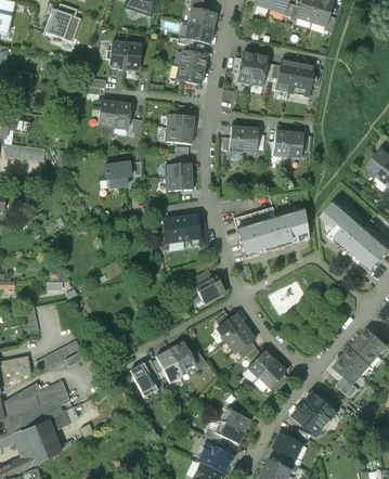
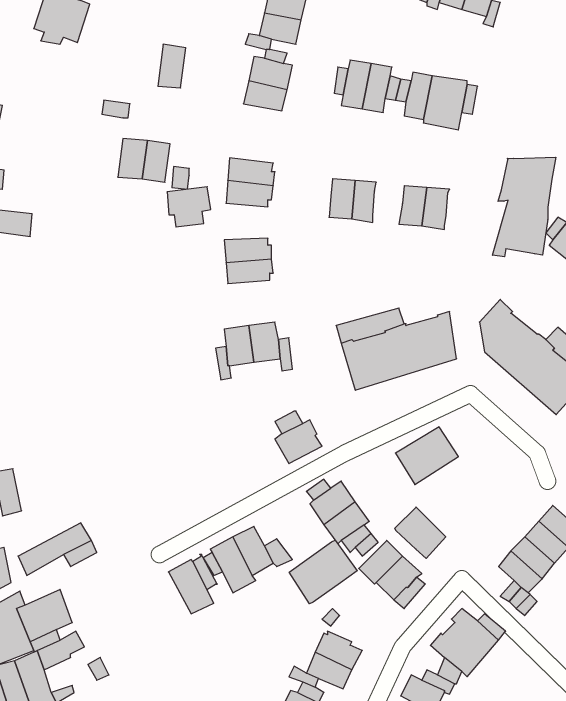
building: [105,40,126,69] -> none
building: none -> [493,157,556,257]
building: [104,161,131,186] -> [167,187,211,227]
building: none -> [395,507,446,558]
building: none -> [289,540,357,604]

